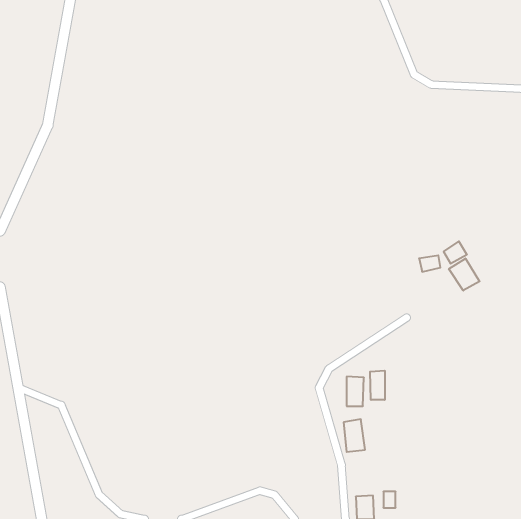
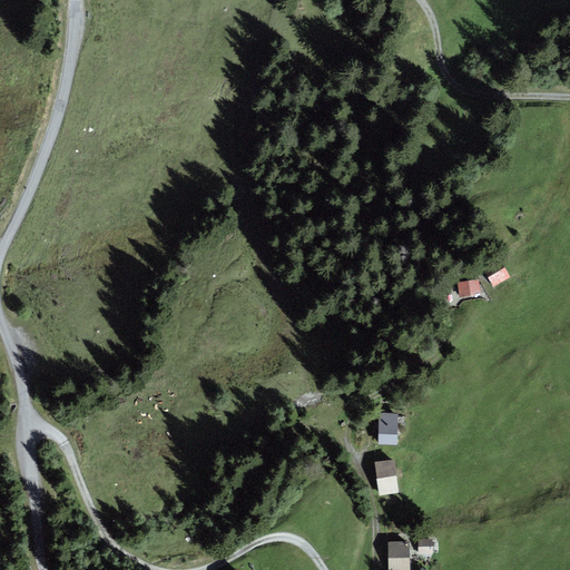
building: [449,258,480,291] -> none
building: [370,371,385,400] -> none

